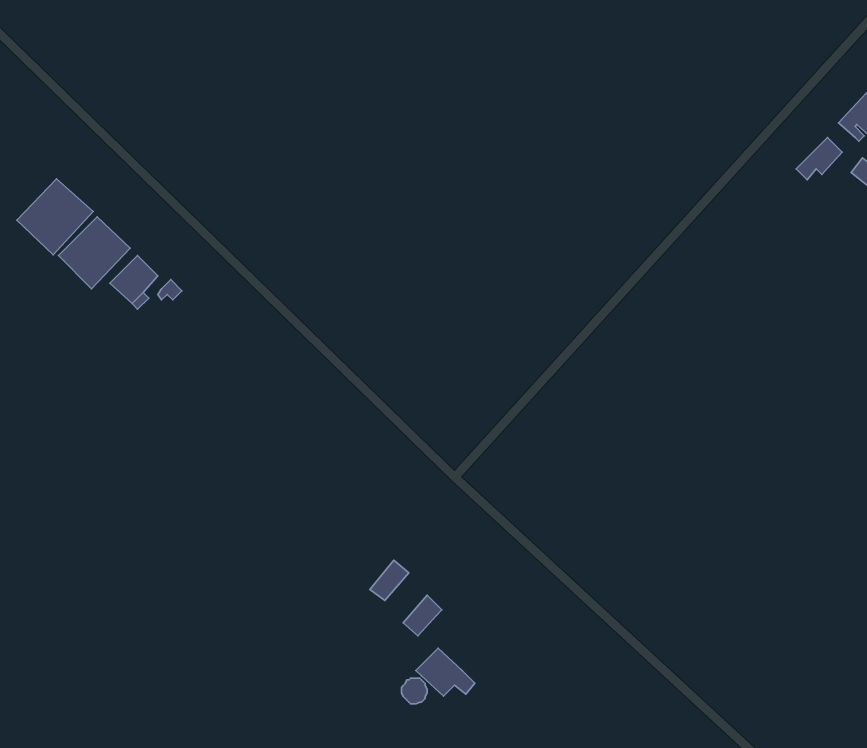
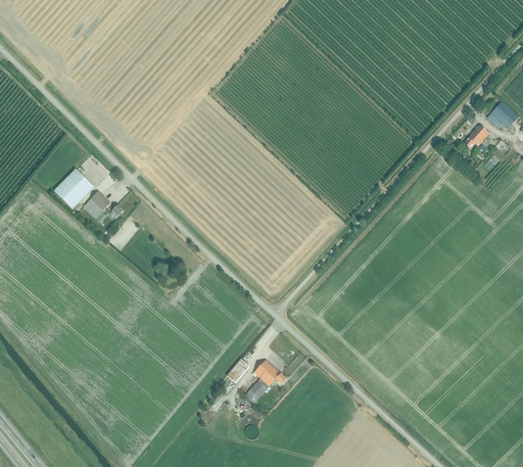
building: [17,179,93,255] -> none
building: [416,648,475,696] -> [253,359,286,385]

